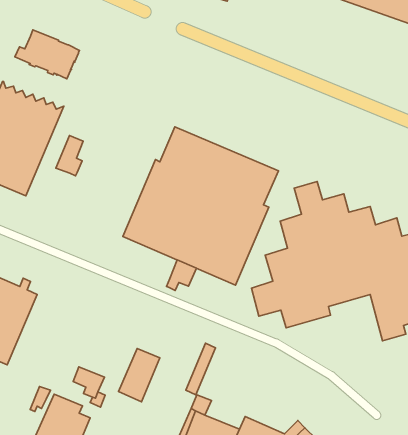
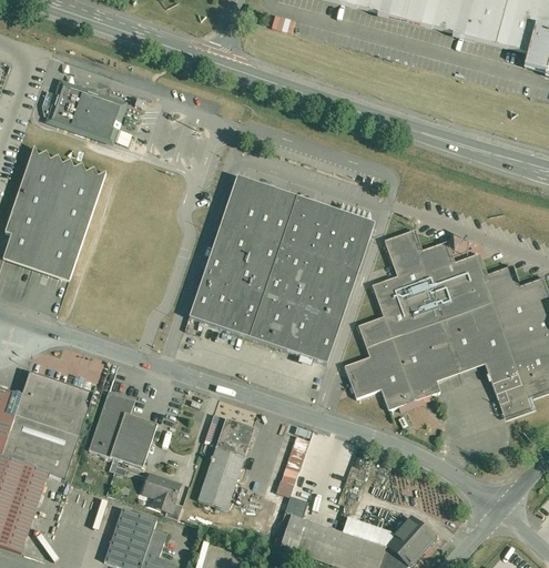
building: [56,135,83,176] -> none
building: [166,260,196,290] -> none
building: none -> [90,392,157,467]
building: none -> [215,419,253,456]

